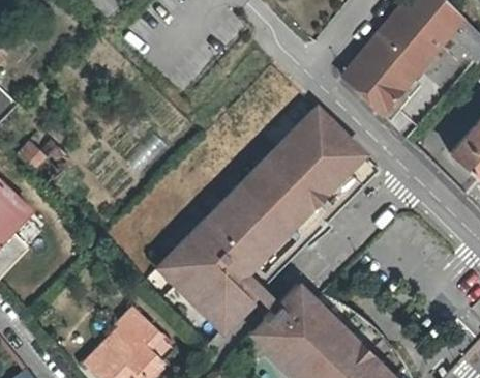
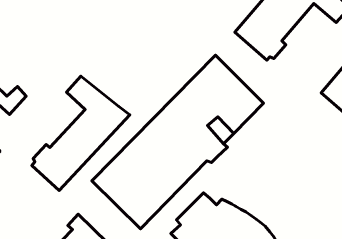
building: none -> [32,76,130,191]

